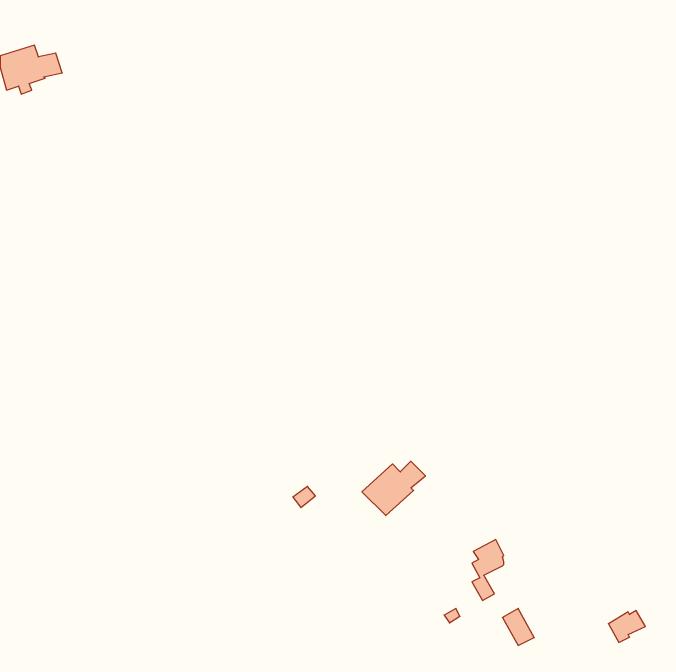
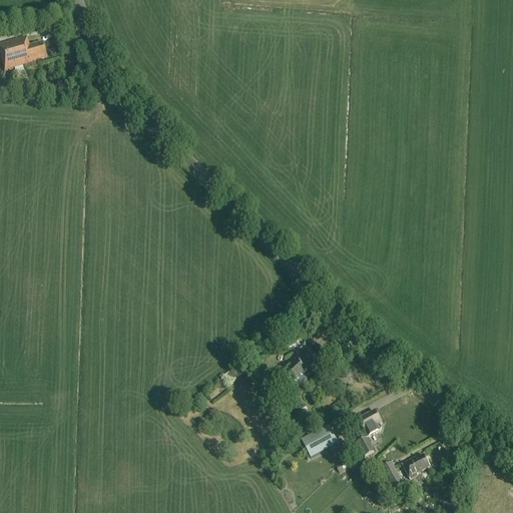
building: none -> [303,423,339,455]
building: [608,611,645,642] -> [403,453,431,477]

